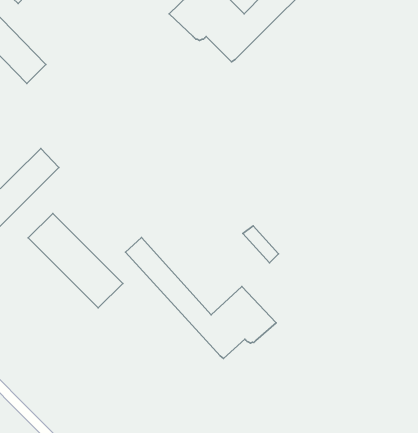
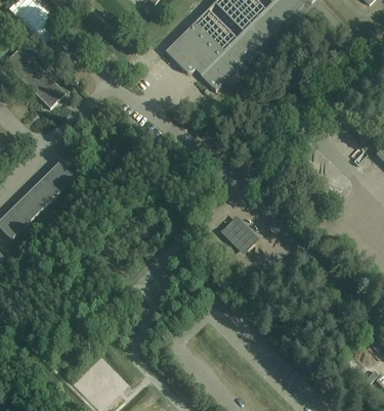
building: [28,214,123,308] -> none
building: [125,238,276,359] -> none

